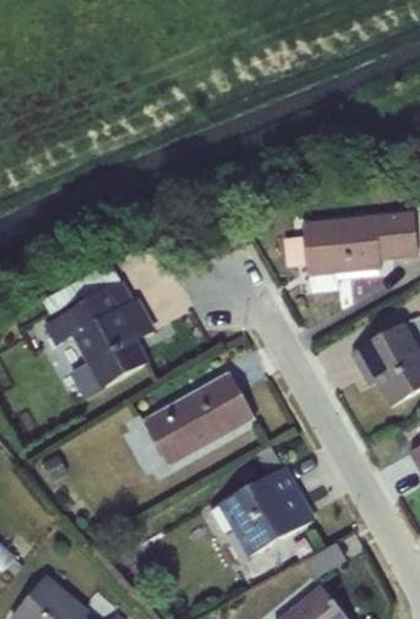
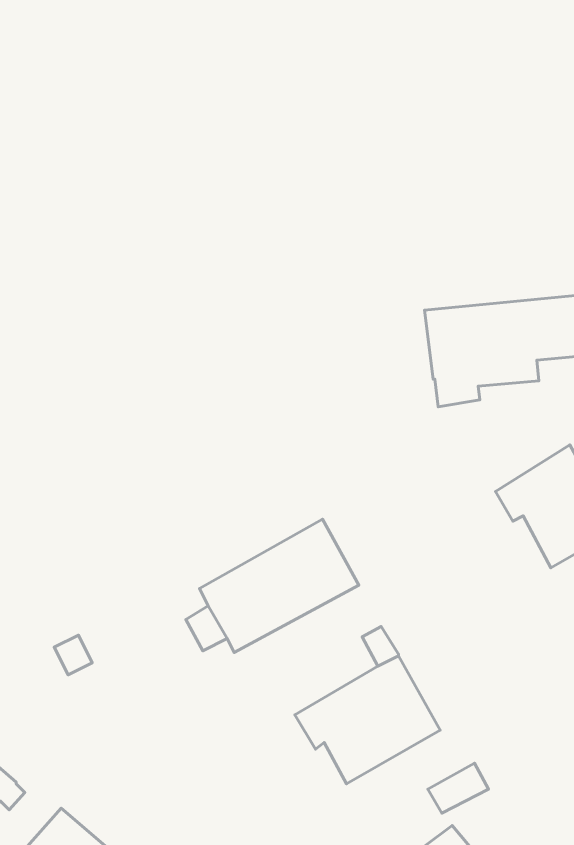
building: [44,263,152,399] -> none

